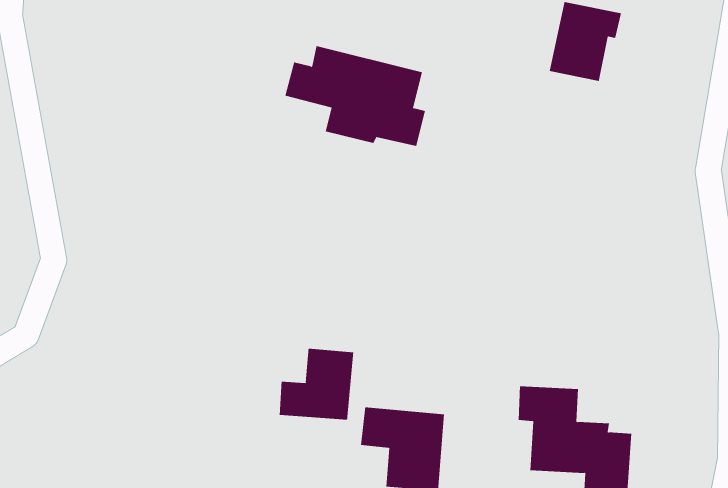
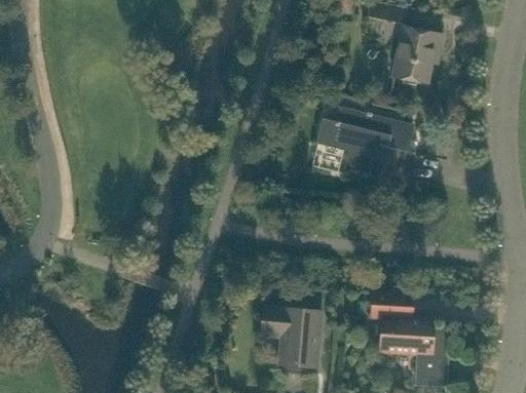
building: [285,45,426,146] -> [317,107,415,176]
building: [279,348,354,421] -> none

